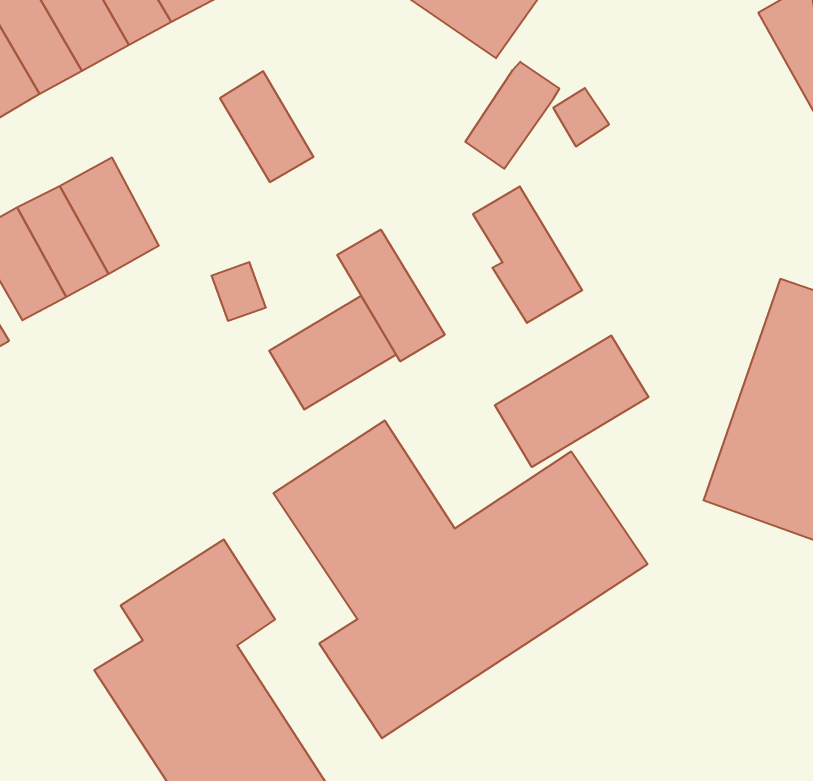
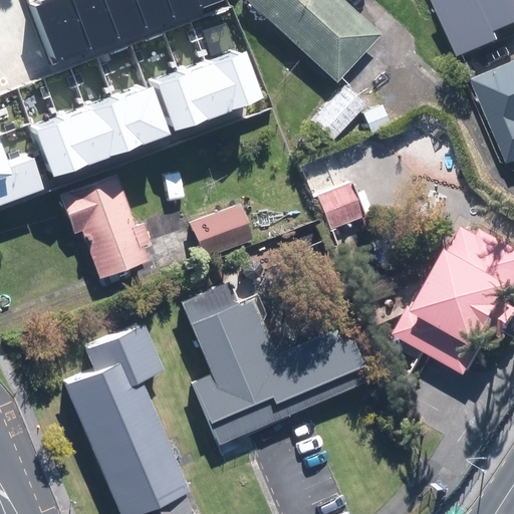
building: none -> [206,51,265,117]
building: none -> [154,77,200,138]
building: none -> [115,88,169,153]
building: [337,230,445,361] -> none
building: none -> [57,168,152,278]
building: [495,335,648,467] -> none

